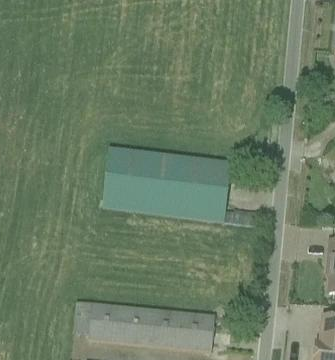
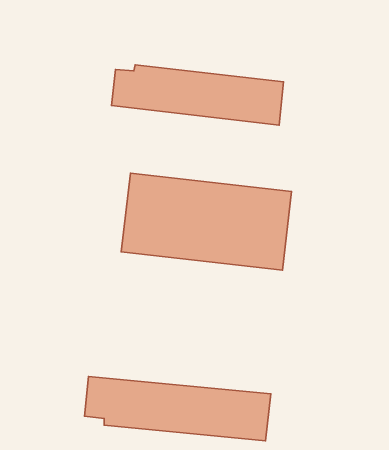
building: none -> [112,65,283,125]

